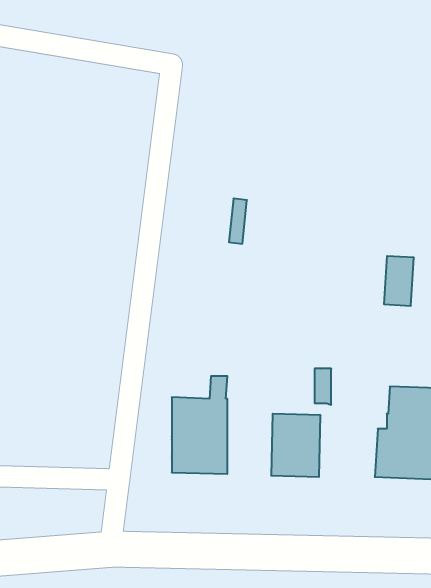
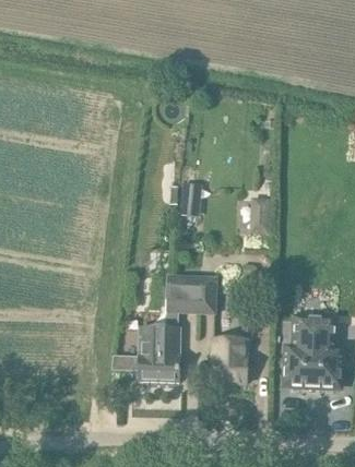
building: [384,256,414,306] -> [251,195,273,231]
building: none -> [168,275,217,312]

